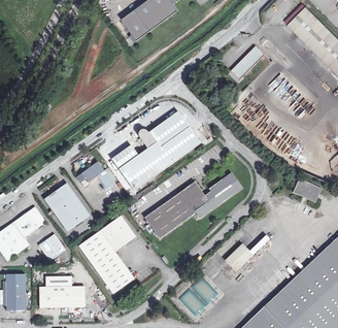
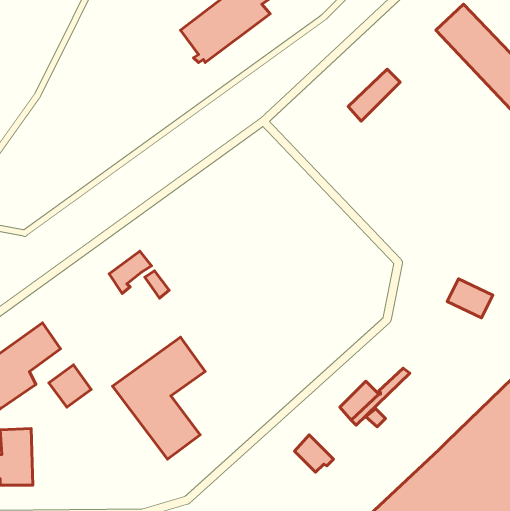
building: [110,110,200,190] -> none
building: [142,175,241,239] -> none
building: [43,184,88,230] -> none
building: [39,275,84,307] -> none

